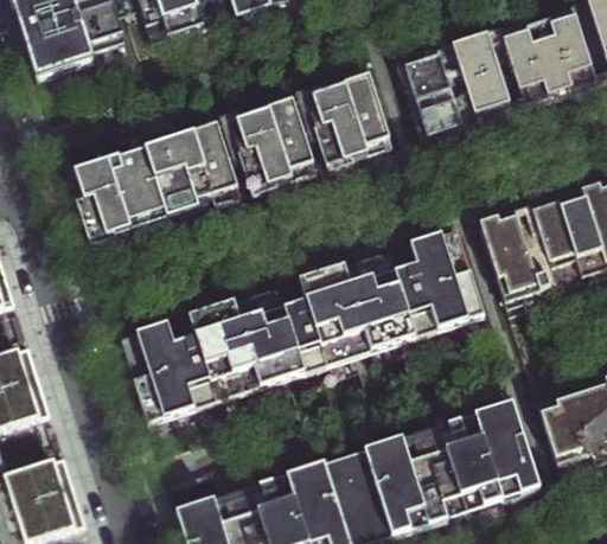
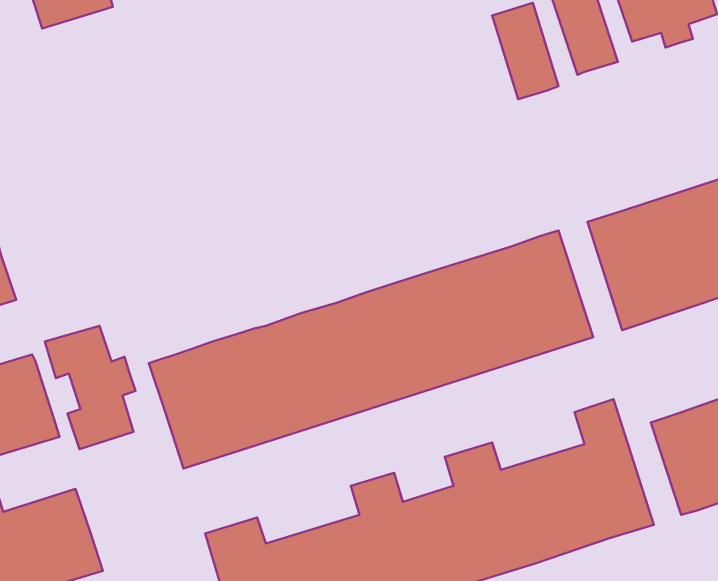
building: [311,69,392,168] -> none
building: [235,95,317,194] -> none
building: [74,119,239,244] -> none
building: none -> [45,326,135,449]

